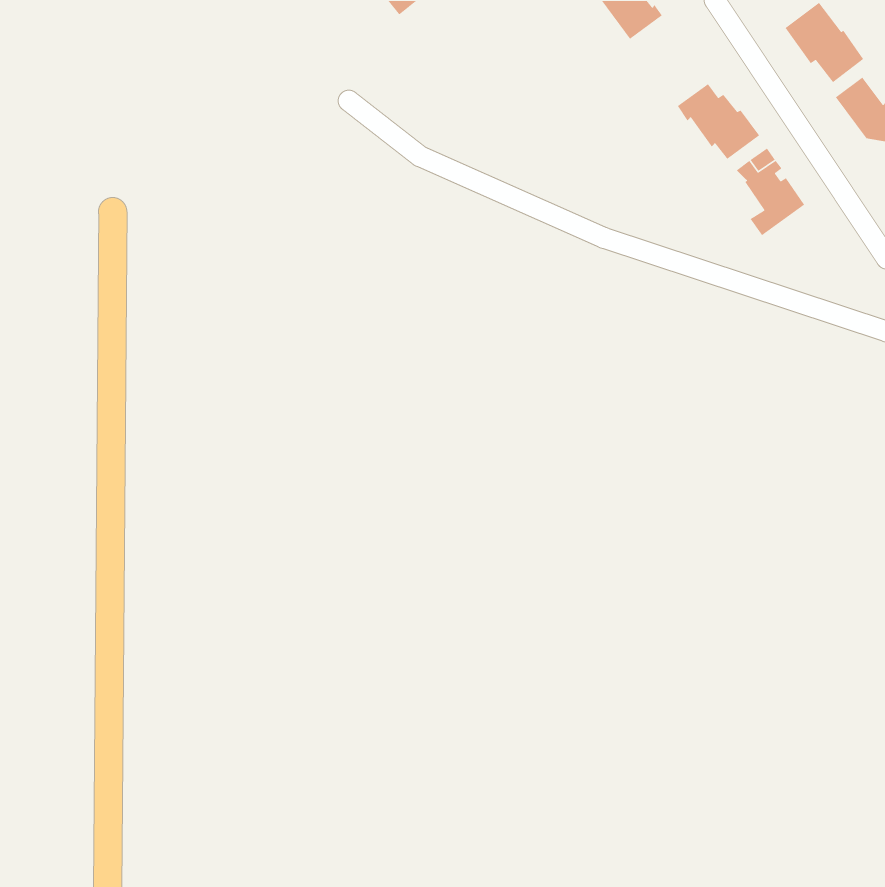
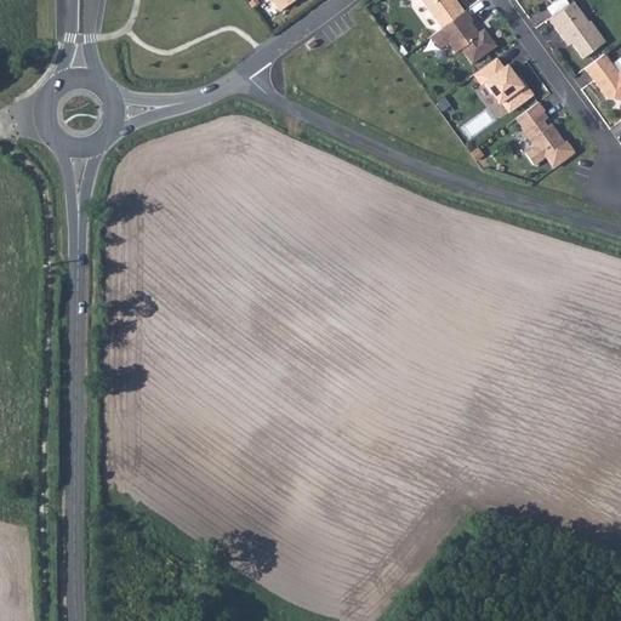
building: none -> [429,10,496,64]

